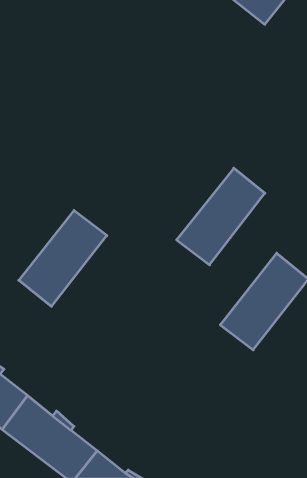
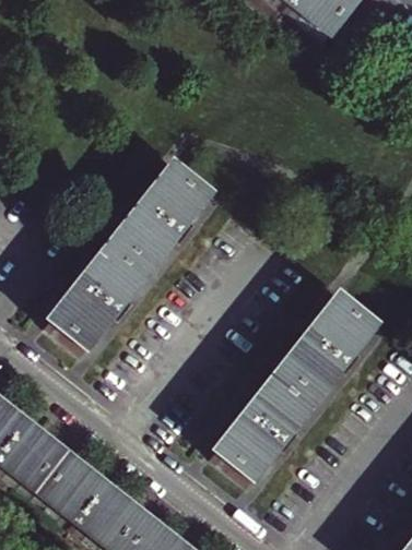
building: [177,168,265,265] -> [114,163,213,272]
building: none -> [216,372,316,480]

